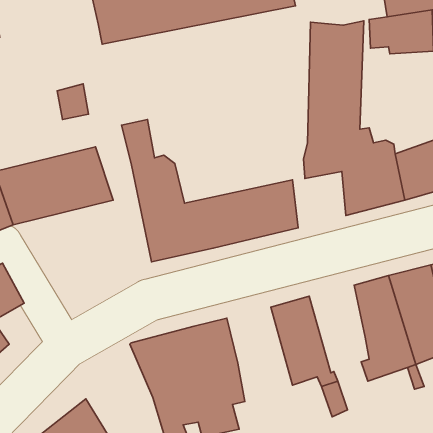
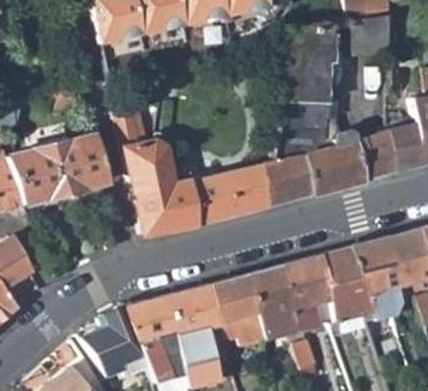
building: none -> [267,155,314,204]
building: none -> [282,254,331,331]
building: none -> [210,273,267,360]
building: none -> [82,306,145,377]

